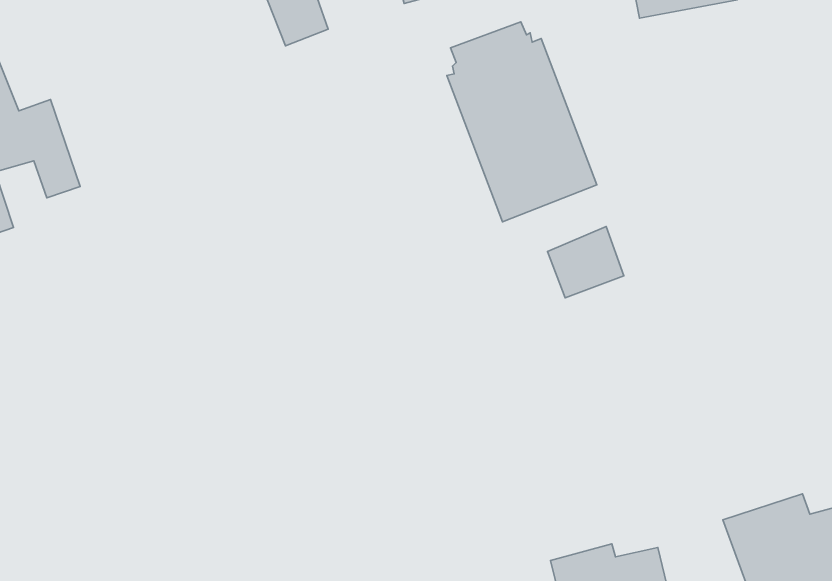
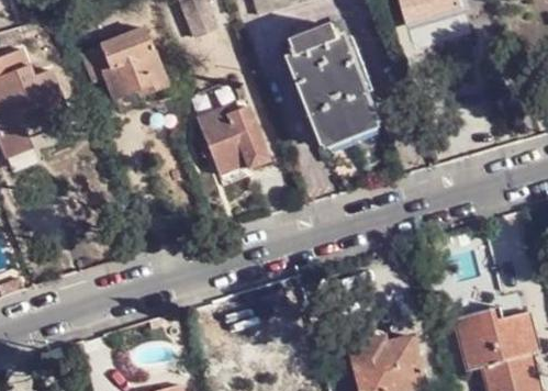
building: none -> [81,27,166,98]
building: none -> [195,104,266,172]
building: [548,226,624,298] -> none

